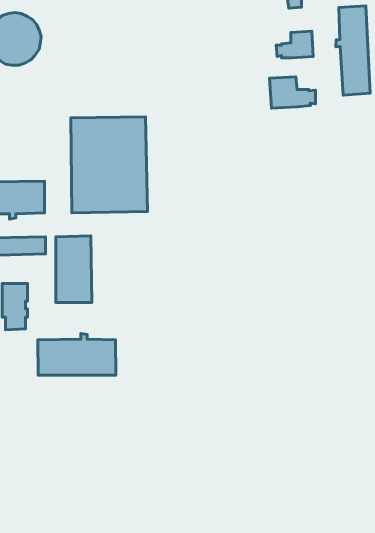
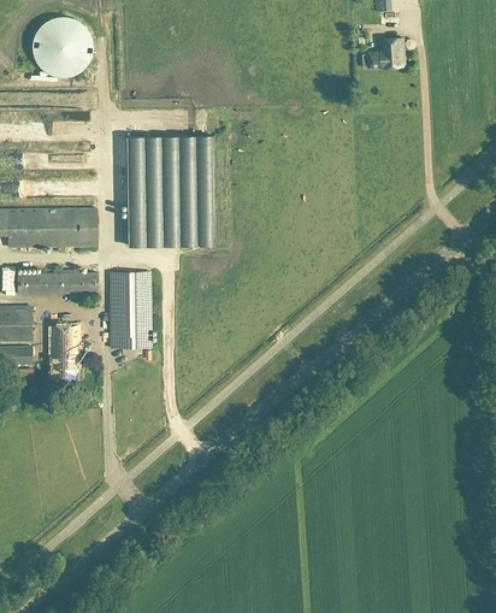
building: [336,6,370,95] -> none
building: [270,77,316,108] -> none
building: [38,333,116,375] -> none

